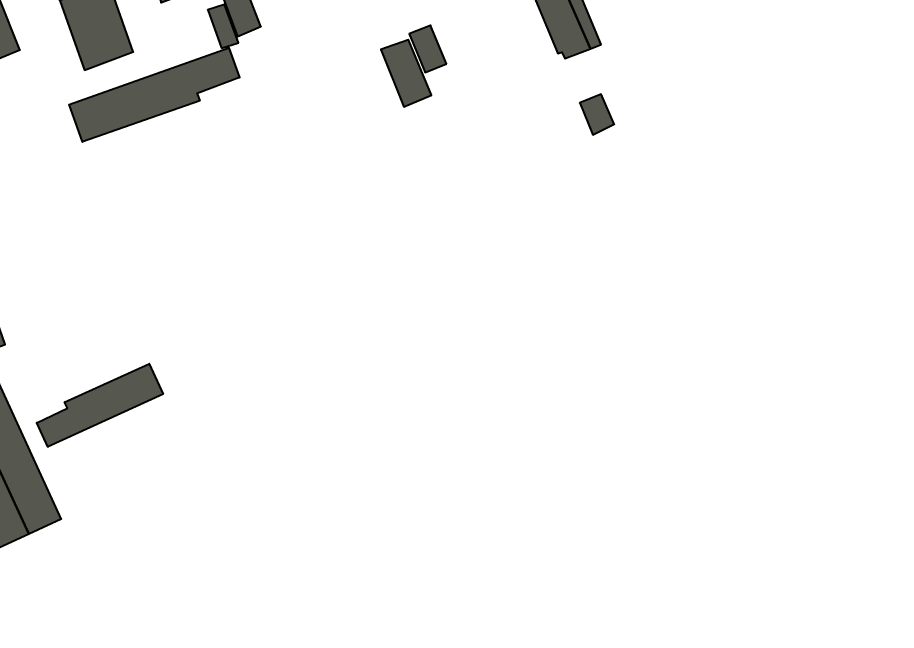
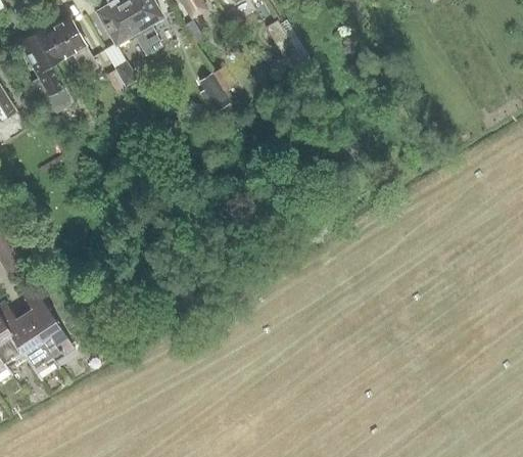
building: [69,48,240,142] -> none
building: [37,364,163,447] -> none

